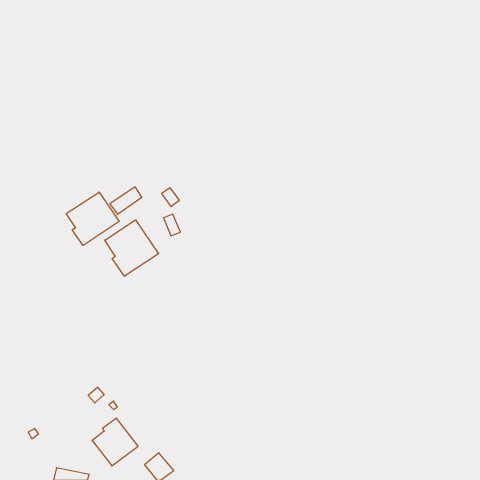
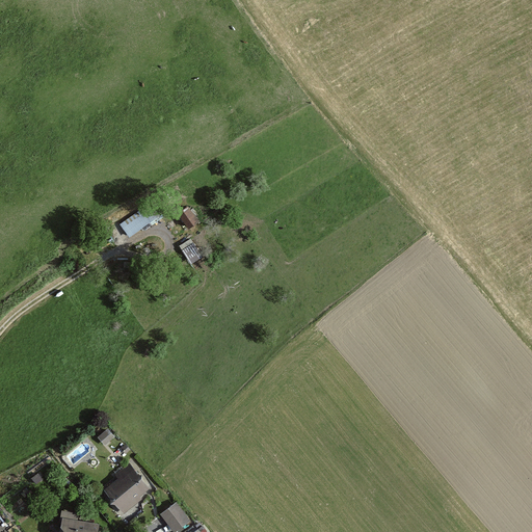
building: [66,192,119,245] -> none
building: [105,220,159,276] -> none

